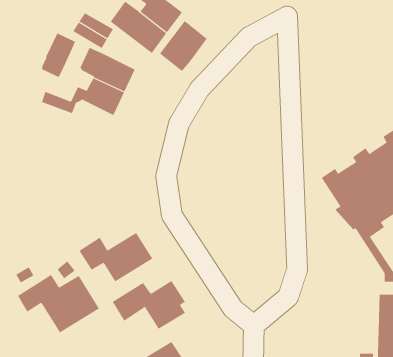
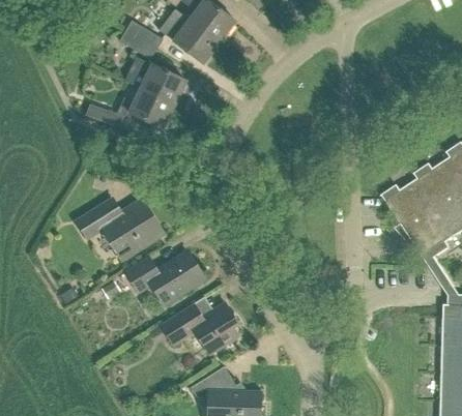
building: [159,20,208,72] -> none
building: [42,33,76,78] -> none
building: [17,274,100,333] -> [78,198,165,260]

